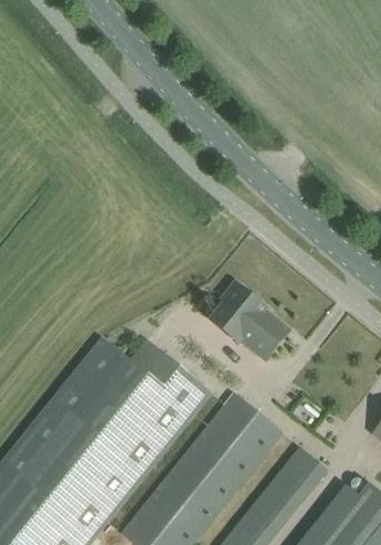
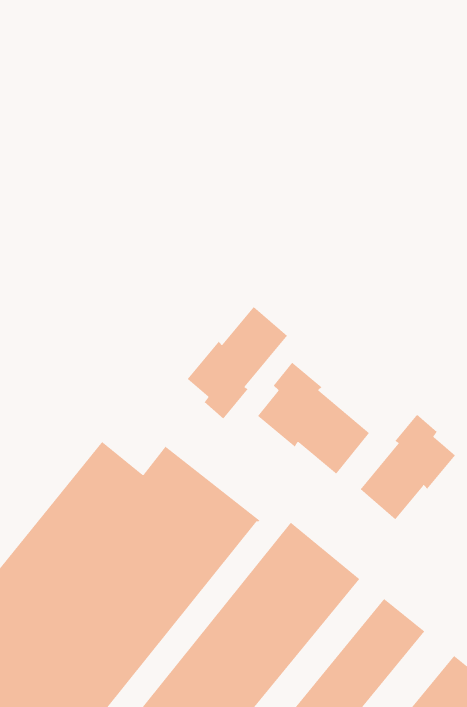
building: none -> [187,306,288,419]
building: none -> [360,414,456,520]

